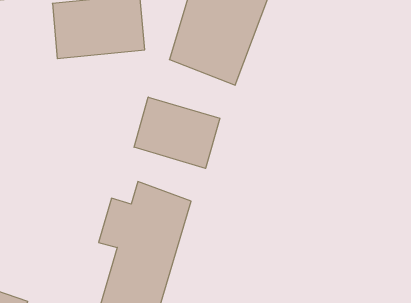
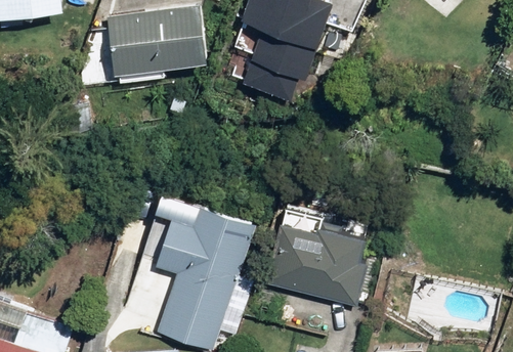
building: [134,97,220,168] -> none
building: none -> [264,224,366,304]

